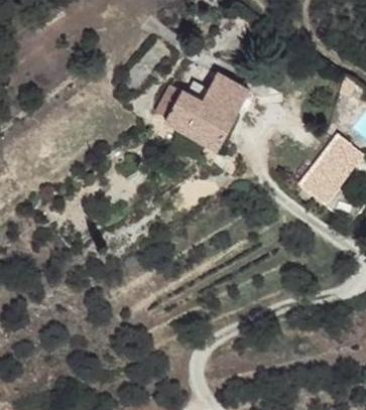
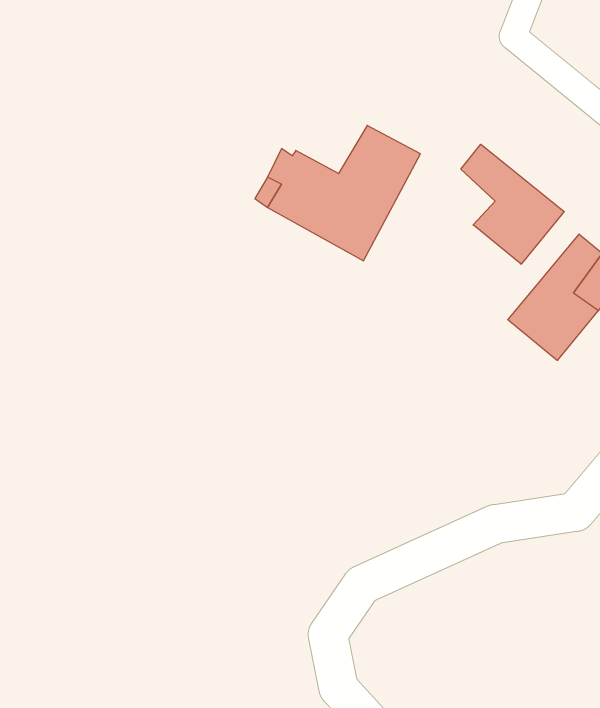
building: none -> [461,144,564,264]

